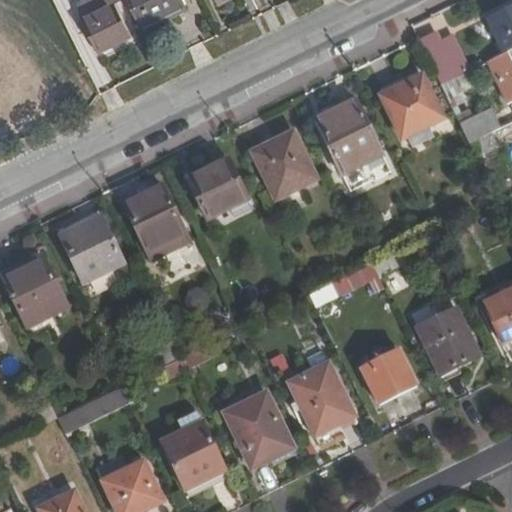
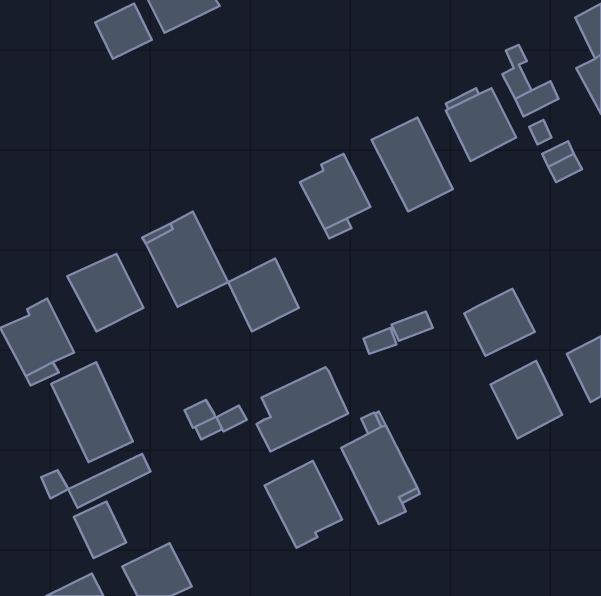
building: [190,155,250,217] -> [228,259,299,332]
building: none -> [464,289,535,356]
building: none -> [51,362,133,462]
building: none -> [256,367,348,452]
building: [361,347,415,403] -> none
building: [162,420,226,486] -> none
building: none -> [74,501,126,558]

